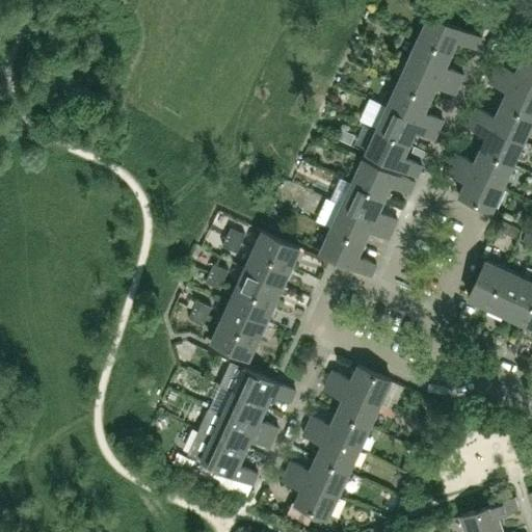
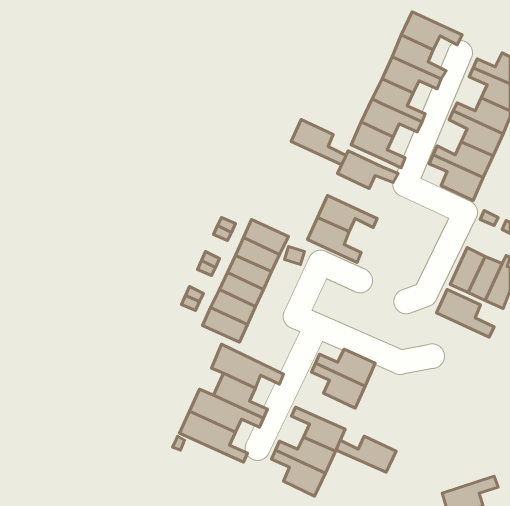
building: [341,185,398,232] -> [291,120,346,164]
building: none -> [437,290,494,337]
building: [308,414,370,451] -> [336,436,396,472]

